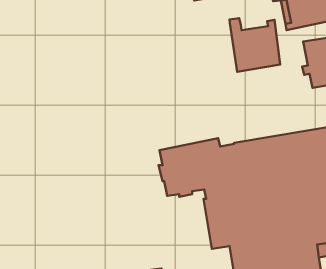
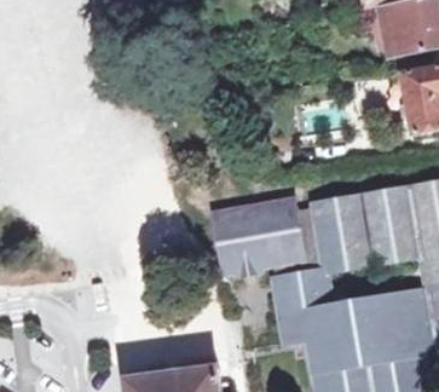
building: [229,18,280,72] -> none

